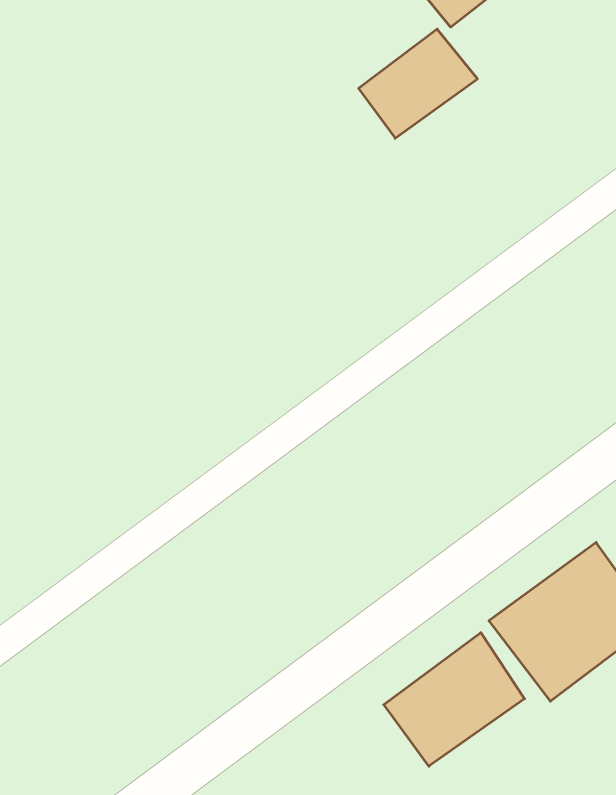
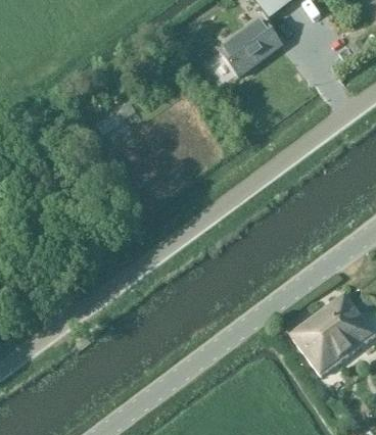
building: [384,633,525,766] -> none

